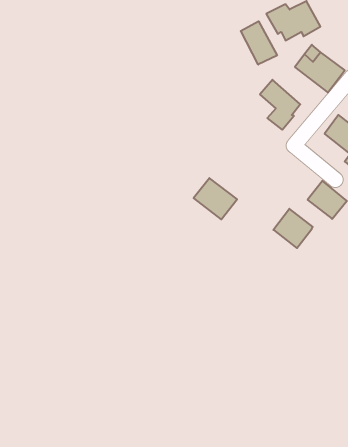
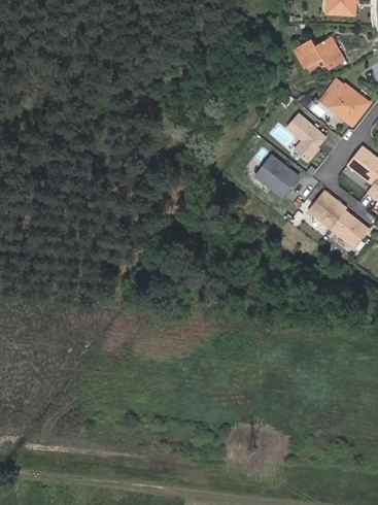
building: [241,21,277,65] -> none
building: [194,178,237,219] -> [257,156,300,196]
building: [273,209,313,248] -> [309,191,347,229]

